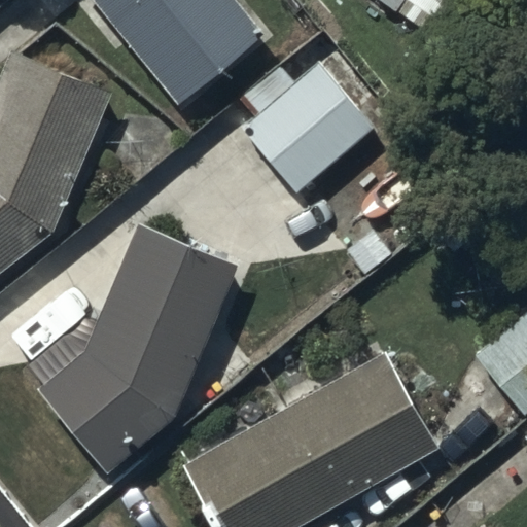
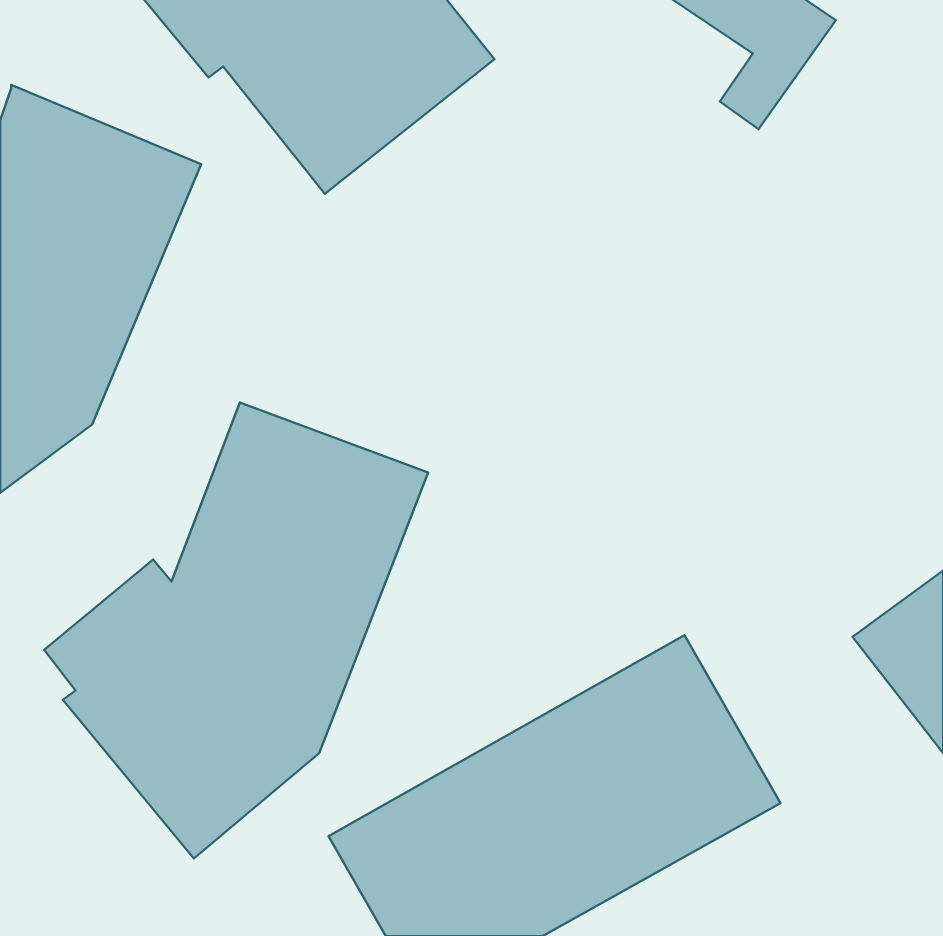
building: [236,36,379,192] -> none

